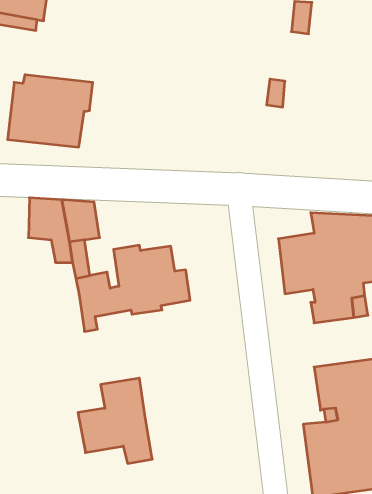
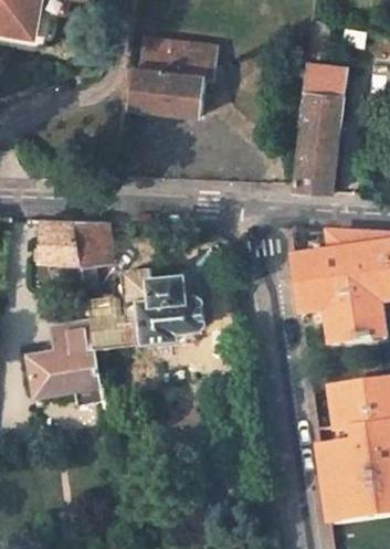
building: none -> [294,61,346,191]
building: [8,75,93,147] -> [127,39,214,113]
building: [78,378,152,463] -> [27,317,103,404]

